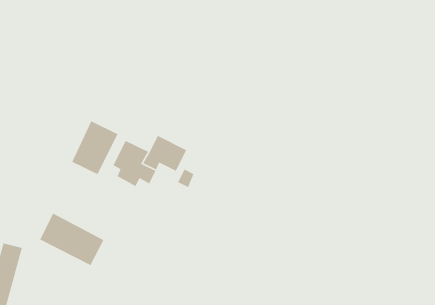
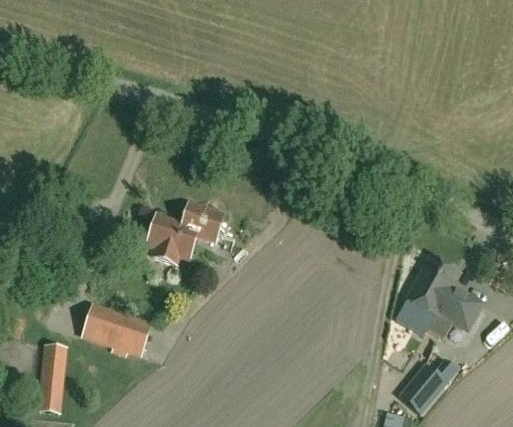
building: [71,120,118,175] -> none
building: none -> [396,258,481,339]

